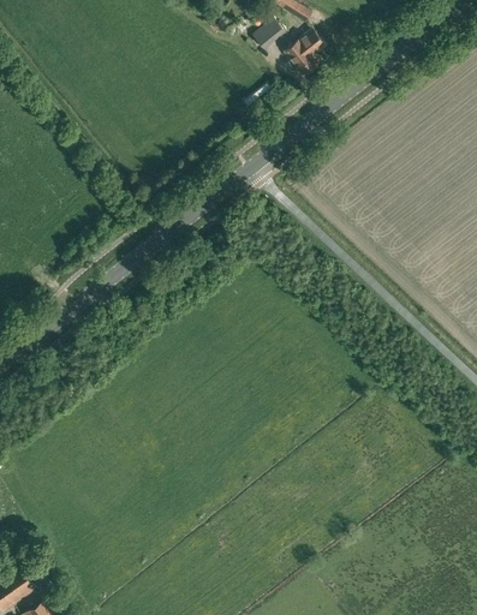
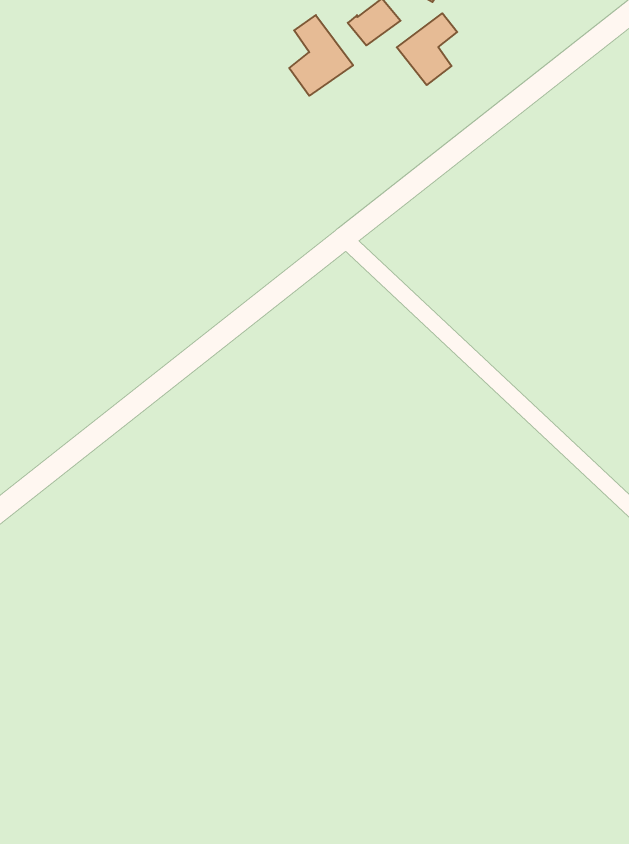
building: none -> [289,15,353,96]

